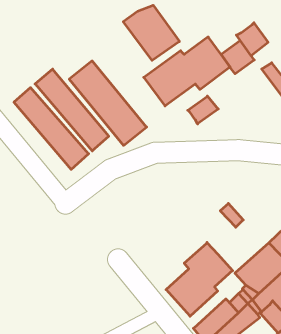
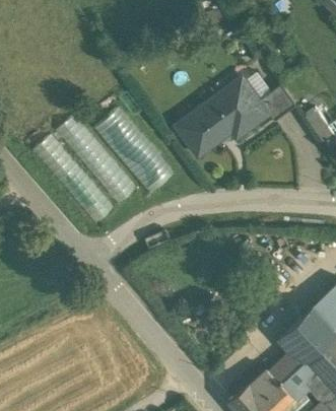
building: [123,5,179,60] -> none
building: [236,23,268,56] -> none
building: [188,96,218,124] -> none
building: [166,242,233,316] -> none

